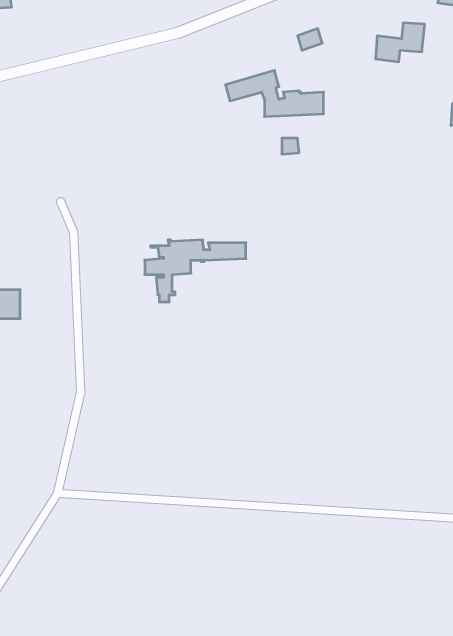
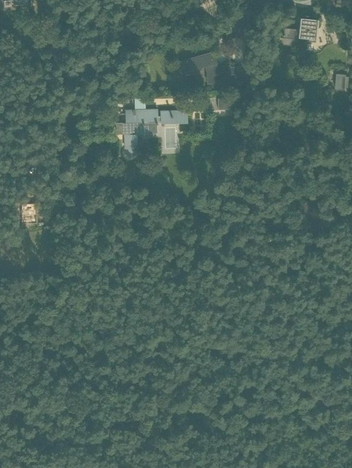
building: [145,240,246,302] -> [118,110,188,153]

